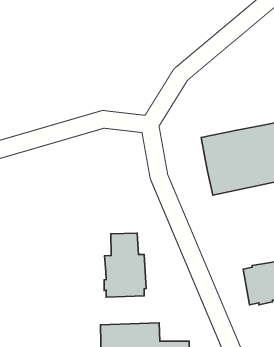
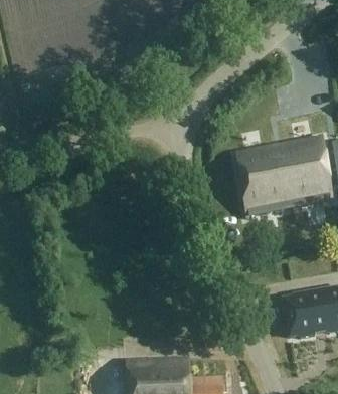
building: [104,233,146,297] -> none

